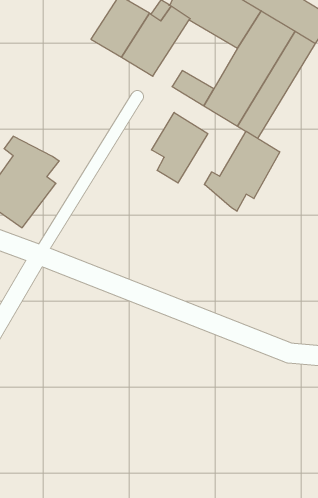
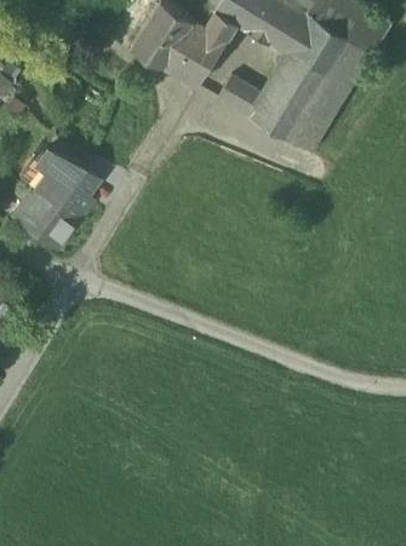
building: [151,112,208,183] -> none
building: [204,131,280,211] -> none

